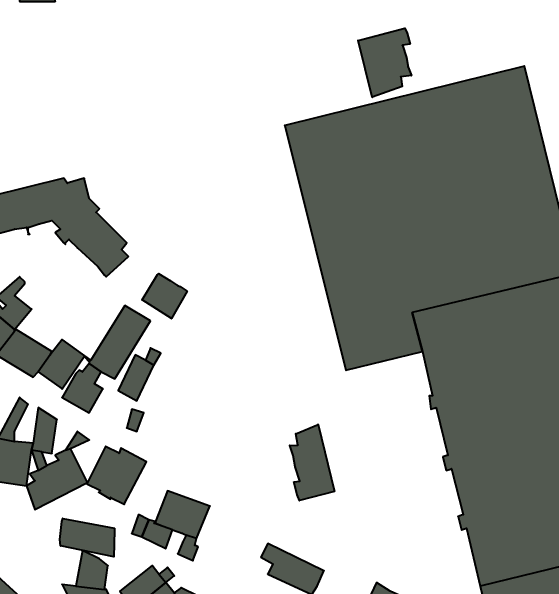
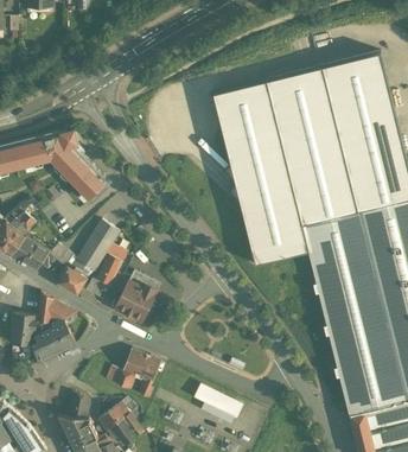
building: [358,28,411,97] -> none
building: [142,274,187,319] -> none
building: [290,424,334,501] -> none
building: [87,446,146,504] -> [116,281,158,322]
building: [60,518,115,557] -> none

